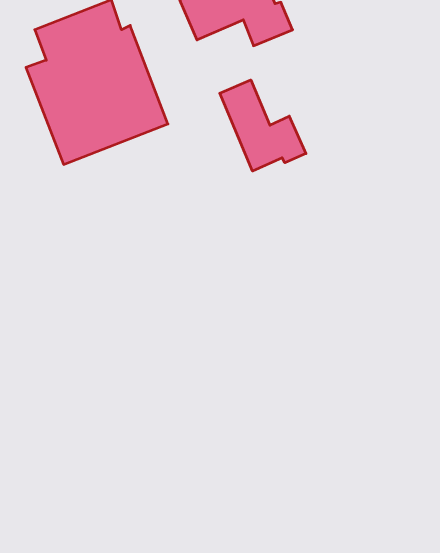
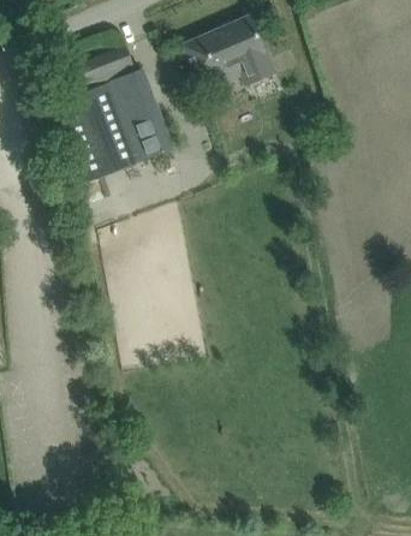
building: [220,80,306,171] -> none

